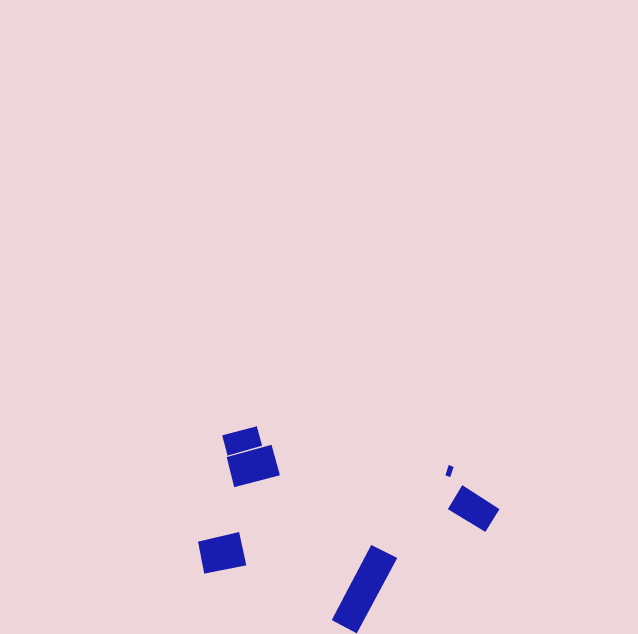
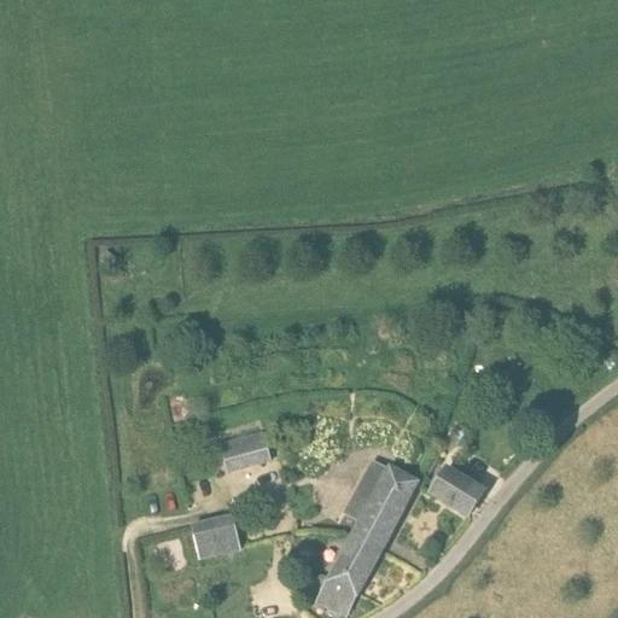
building: [222,426,263,456] -> none
building: none -> [345,459,416,540]

